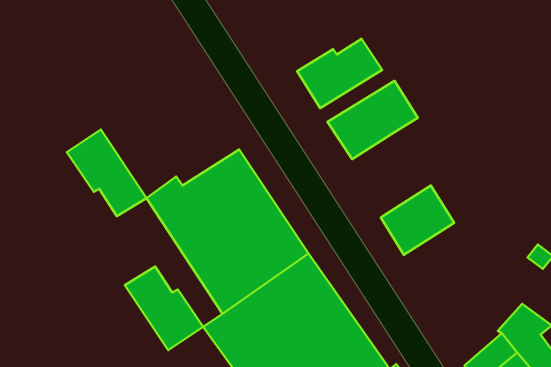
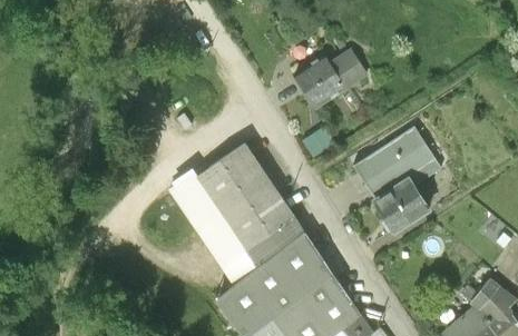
building: [328,81,418,159] -> [353,131,431,199]
building: [67,130,146,216] -> none
building: [125,267,203,350] -> none

